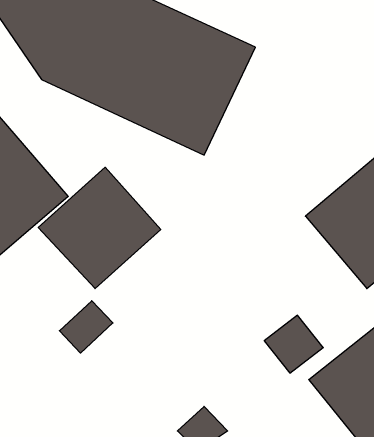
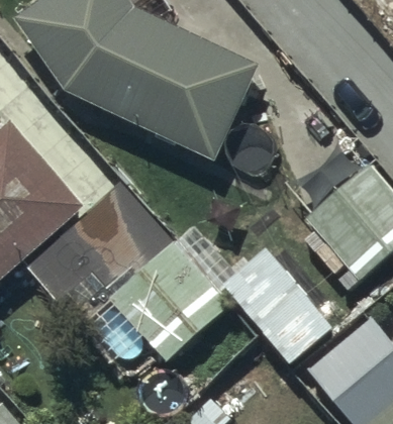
building: none -> [111,235,230,354]

